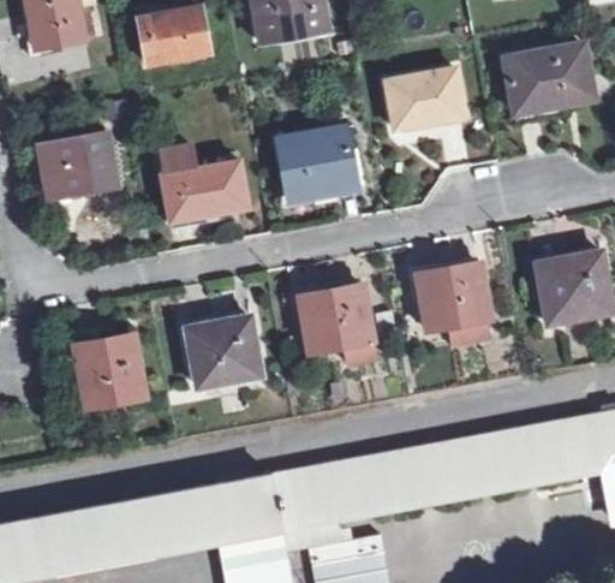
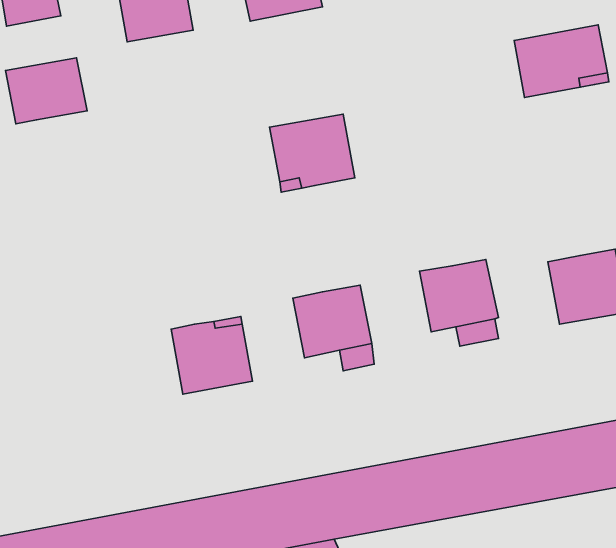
building: [383,69,462,130] -> none
building: [38,136,114,197] -> [5,58,87,124]
building: [159,144,245,222] -> none
building: [74,337,143,406] -> none

